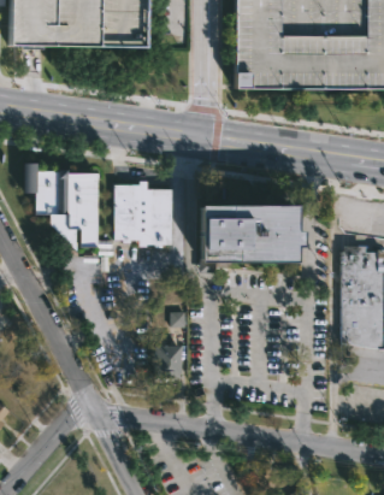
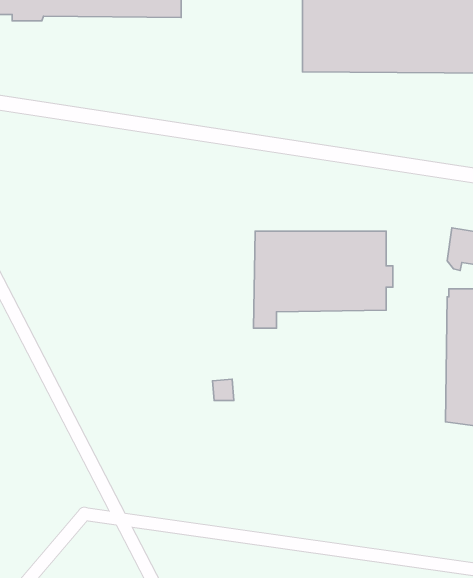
building: [24,161,100,252] -> none
building: [113,179,171,246] -> none
building: [154,343,181,377] -> none

